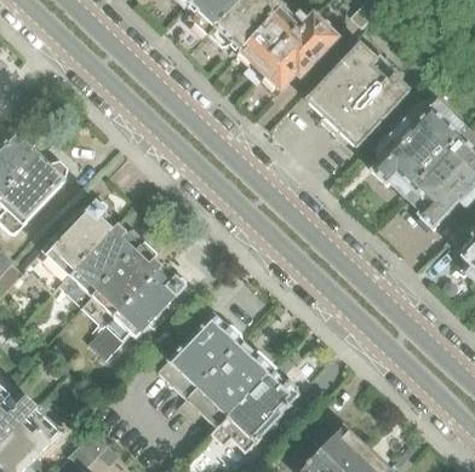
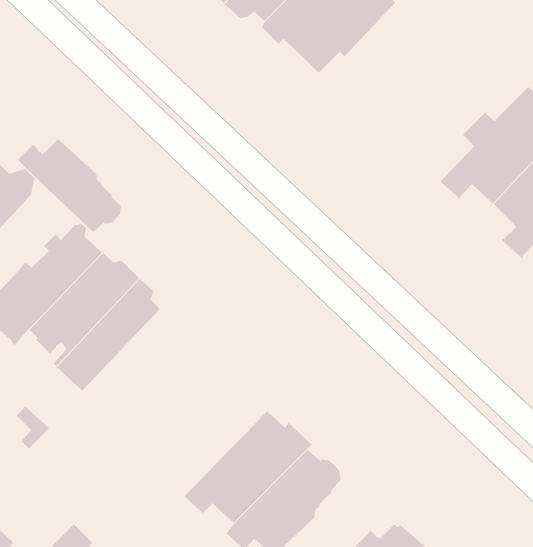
building: [305,42,411,148] -> none
building: none -> [17,138,121,233]
building: [87,266,185,359] -> none
building: [158,315,241,399] -> none

